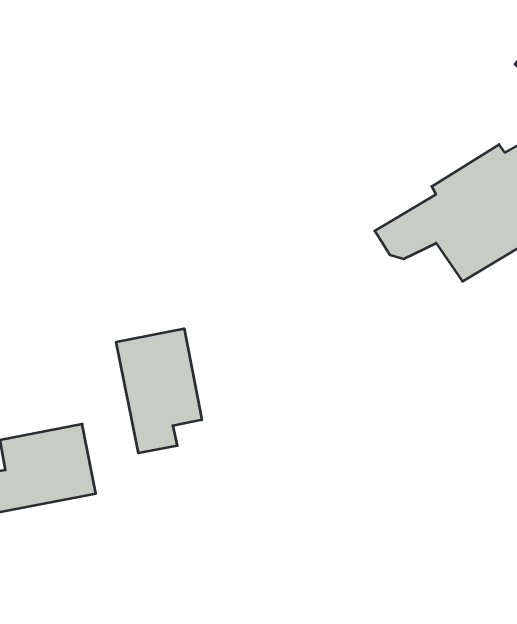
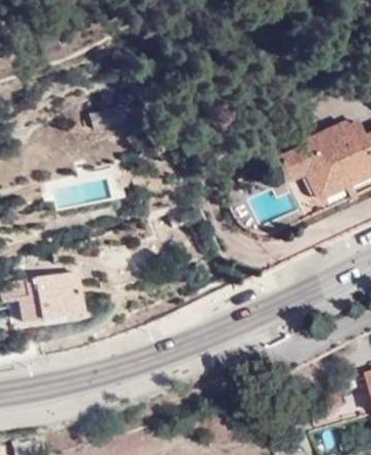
building: [116,329,202,453] -> none

